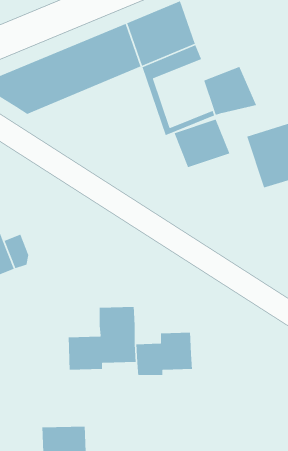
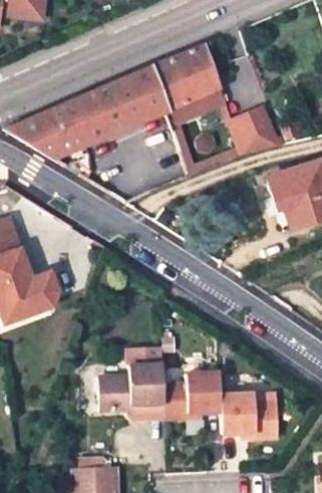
building: [173,118,230,168] -> none
building: none -> [218,392,284,432]

